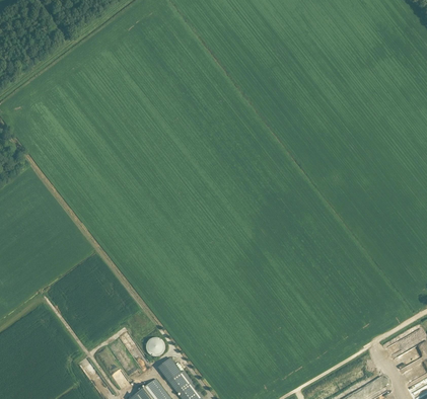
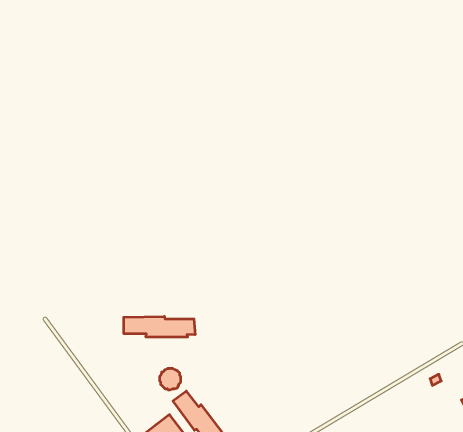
building: none -> [124,316,195,337]

